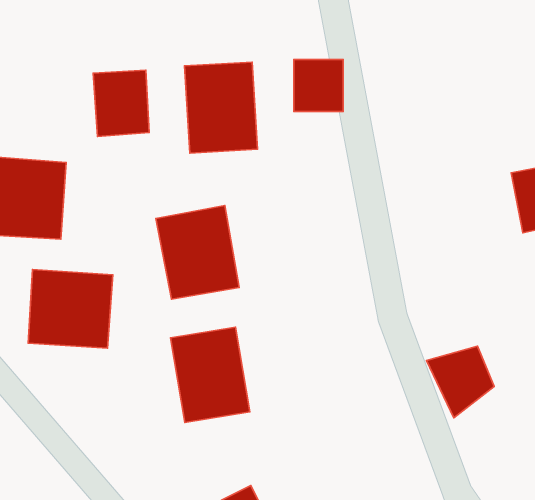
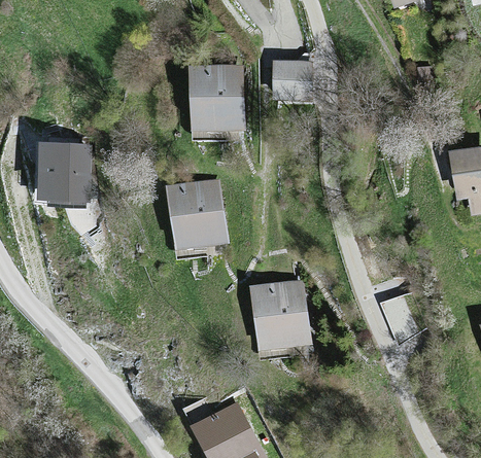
building: [93,70,149,136] -> none
building: [28,269,113,348] -> none
building: [170,327,250,422] -> [247,279,310,354]

